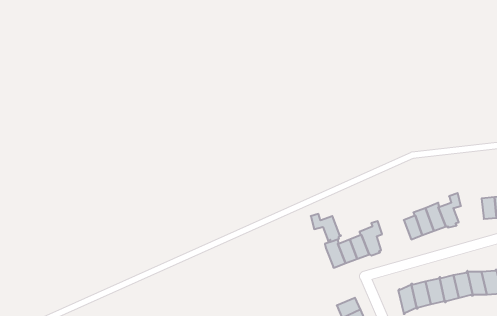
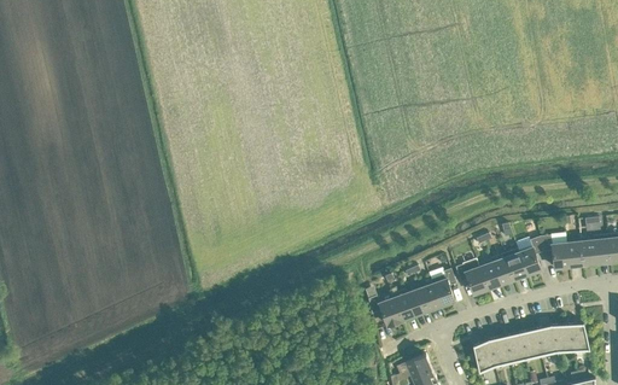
building: none -> [540,237,569,270]
building: none -> [455,261,488,296]
building: [311,214,341,242] -> [368,297,402,328]

